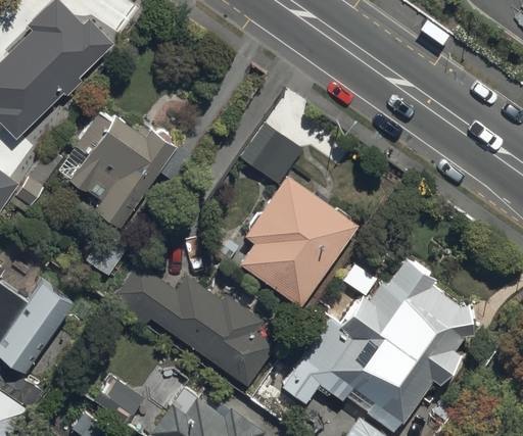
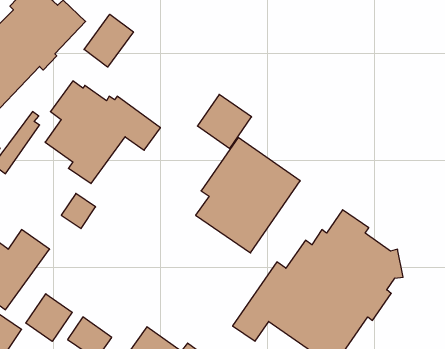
building: none -> [84,14,133,67]
building: [111,265,276,387] -> none
building: none -> [26,294,72,341]

